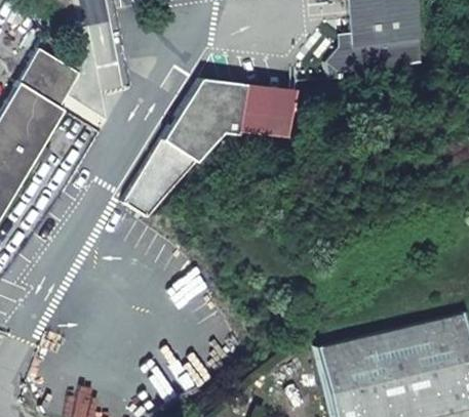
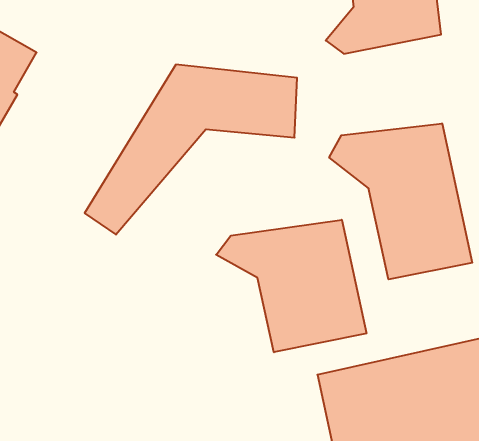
building: none -> [329,123,472,279]
building: none -> [216,220,366,352]

